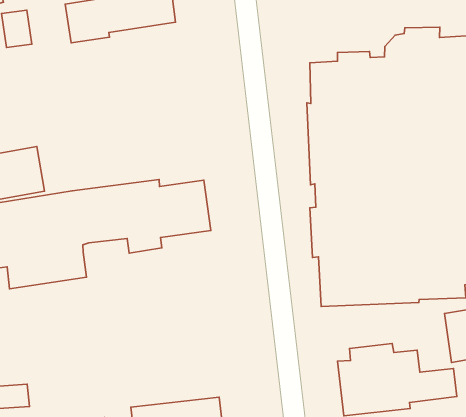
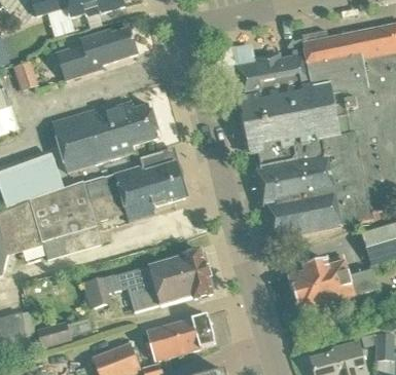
building: none -> [51,101,160,171]
building: none -> [84,248,213,311]

